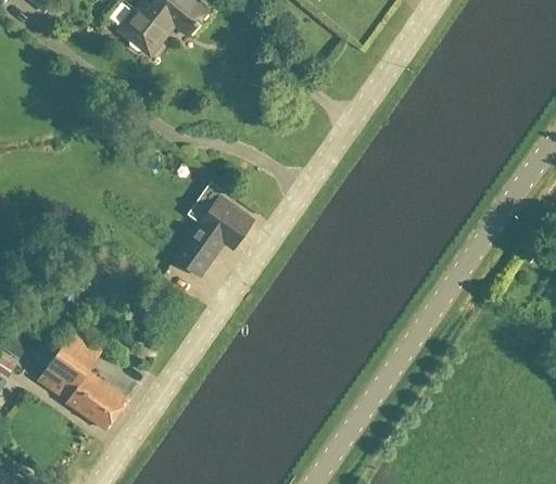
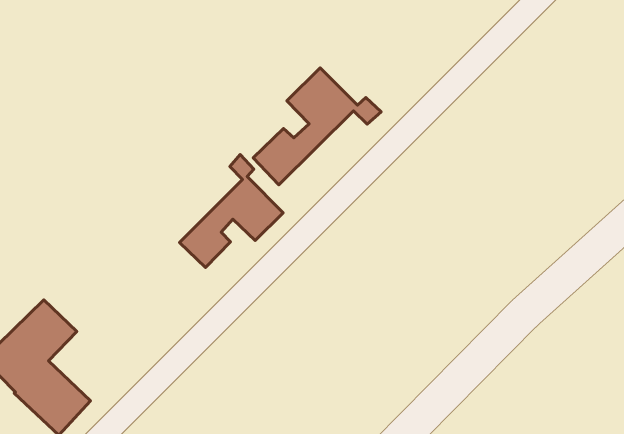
building: none -> [253,68,381,185]

